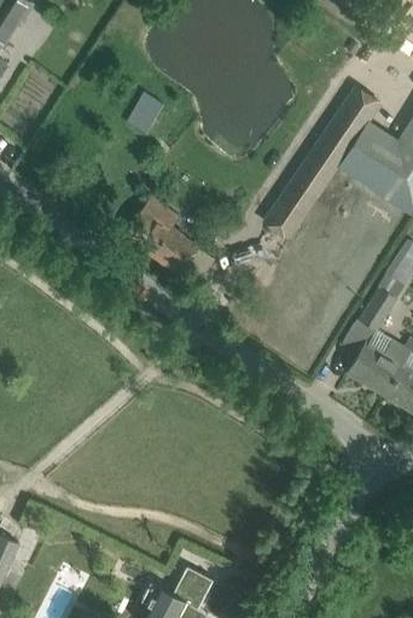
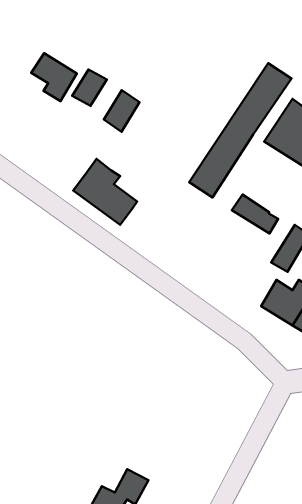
building: none -> [31,53,77,101]
building: none -> [104,90,140,132]
building: none -> [232,195,278,234]

